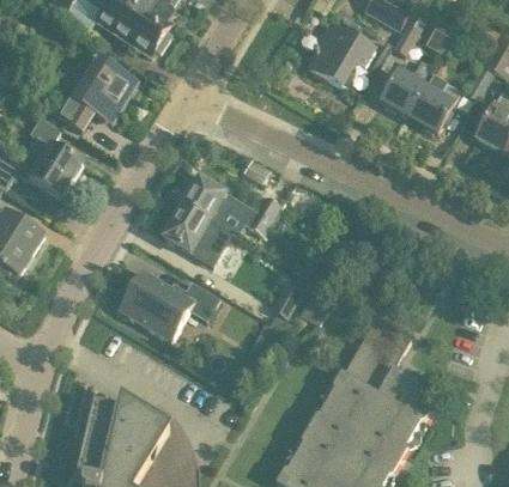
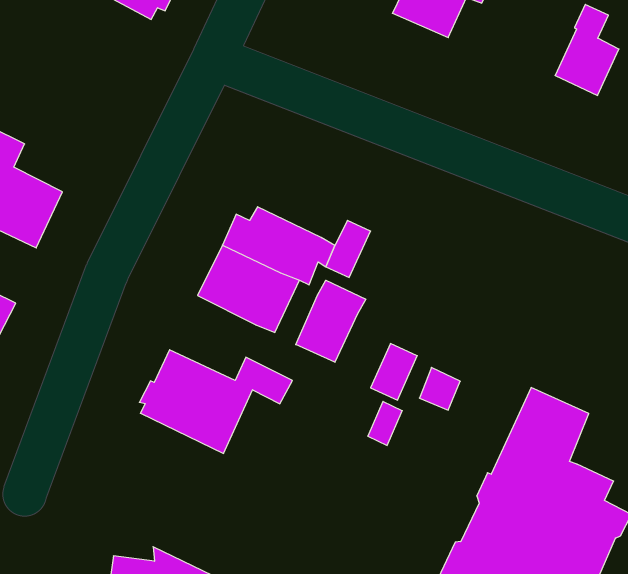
building: [57,54,137,129] -> none
building: [381,71,426,116] -> none
building: none -> [296,280,366,362]

